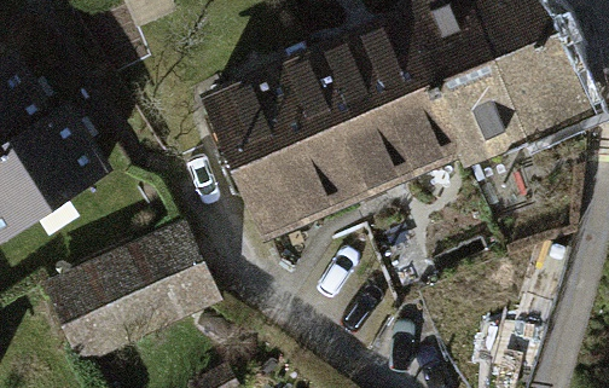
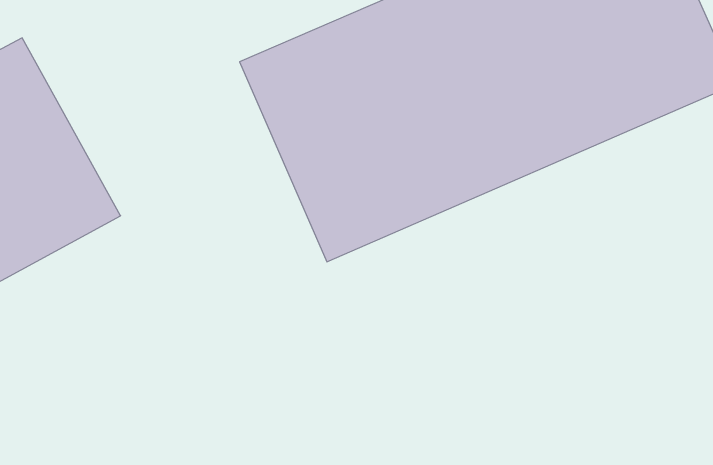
building: [44,228,216,365] -> none

